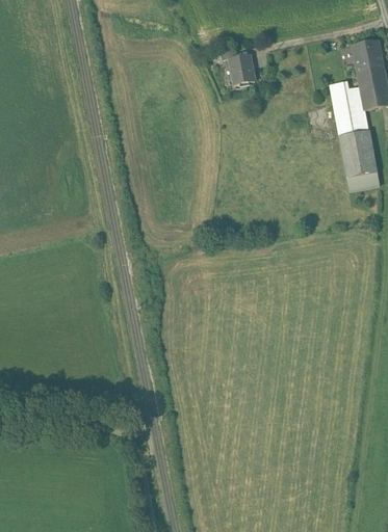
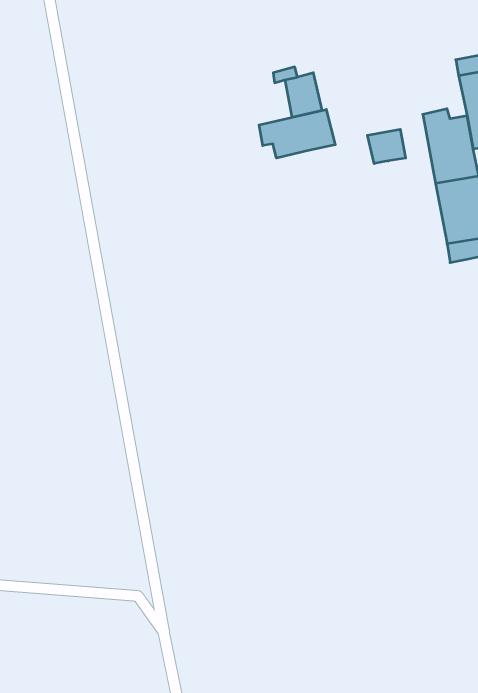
building: none -> [259,109,335,158]
building: none -> [367,129,406,164]

